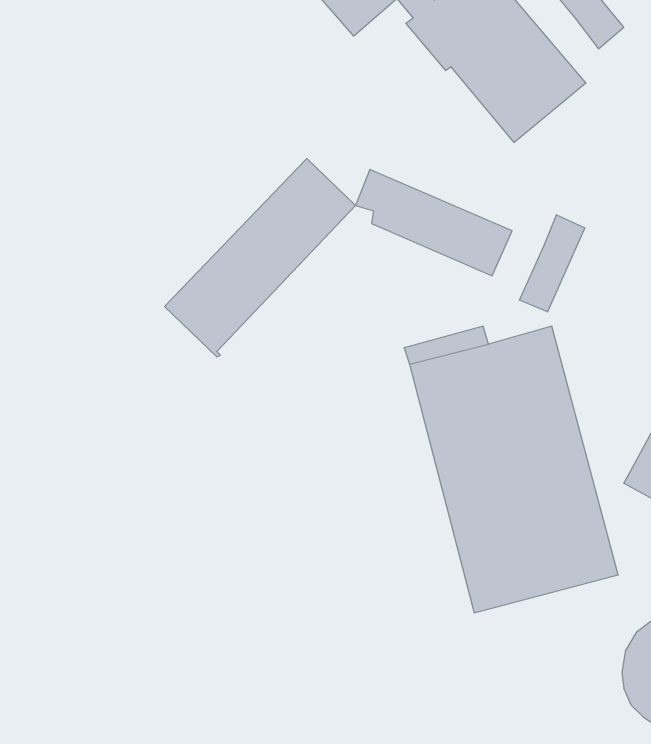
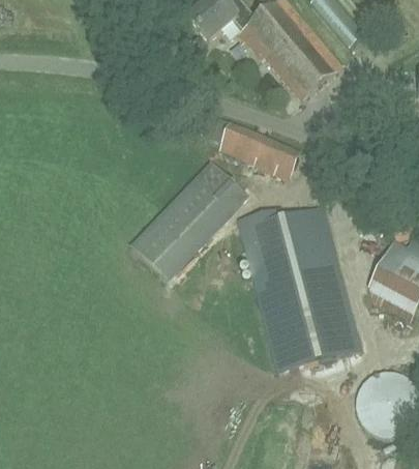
building: [165,159,355,357] -> [130,162,240,275]
building: [520,215,585,312] -> none

